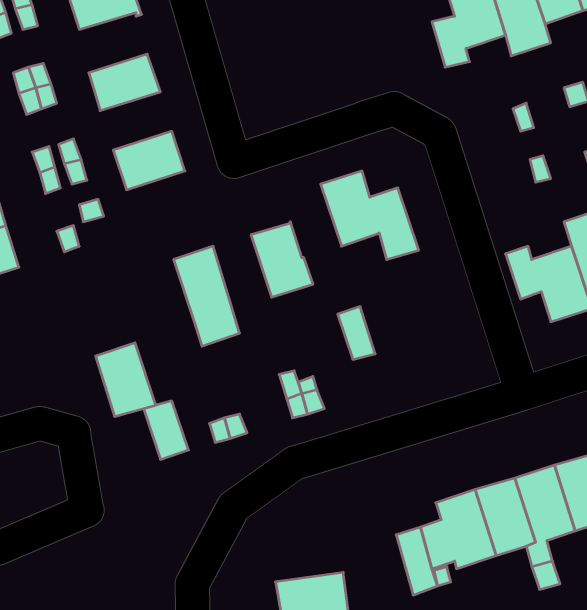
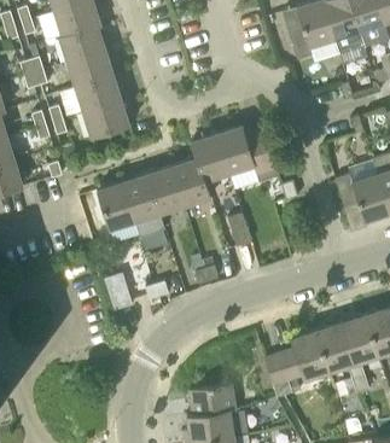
building: none -> [59,25,105,64]
building: none -> [75,76,121,113]
building: none -> [191,135,229,182]
building: none -> [147,168,185,215]
building: [96,343,156,416] -> [97,183,135,231]

